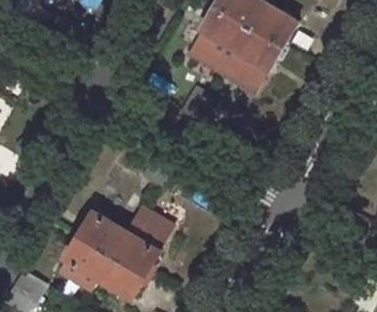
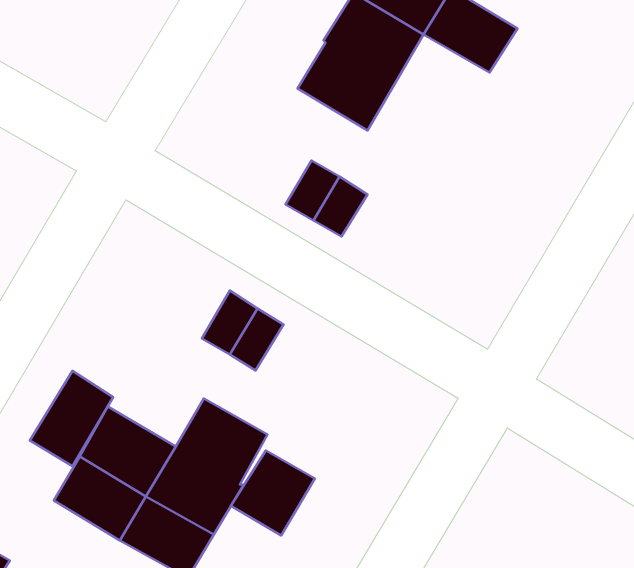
building: [222,24,283,90] -> none
building: none -> [30,371,113,466]
building: none -> [231,450,315,536]

